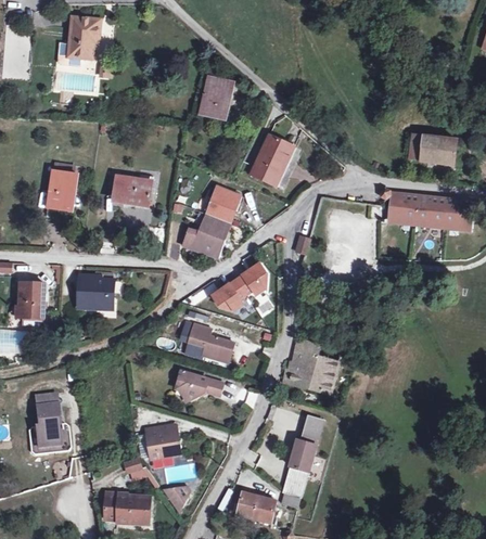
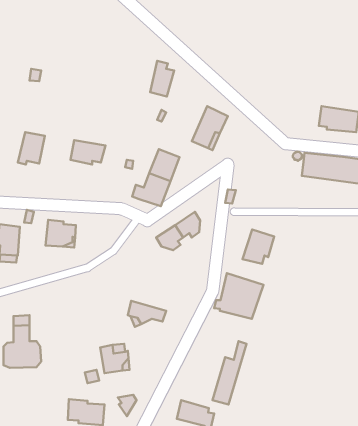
building: [57,15,103,66] -> none
building: none -> [242,230,274,264]
building: [177,322,233,362] -> none

